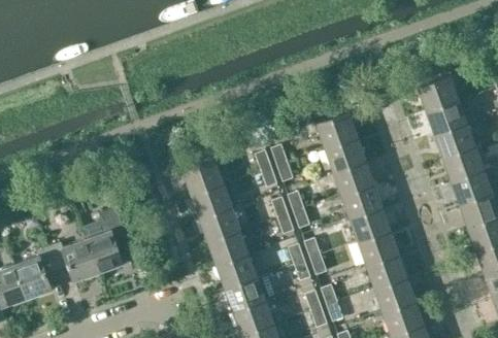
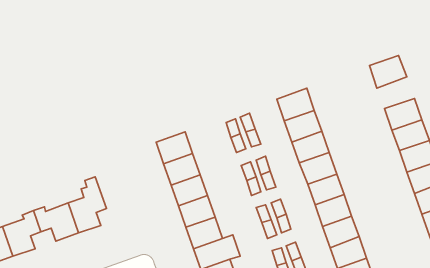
building: [426,101,474,136] -> none

